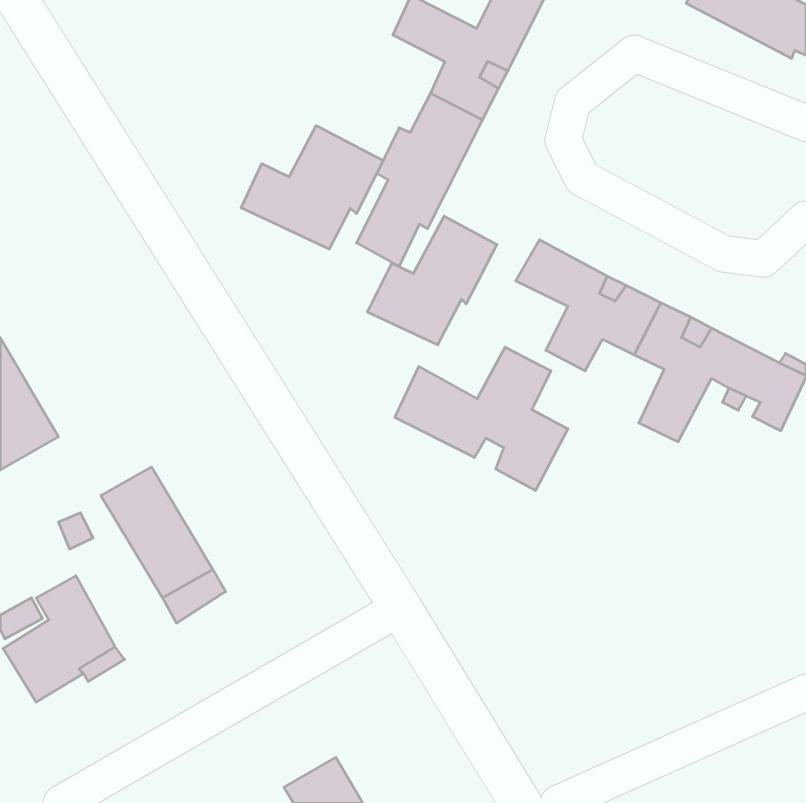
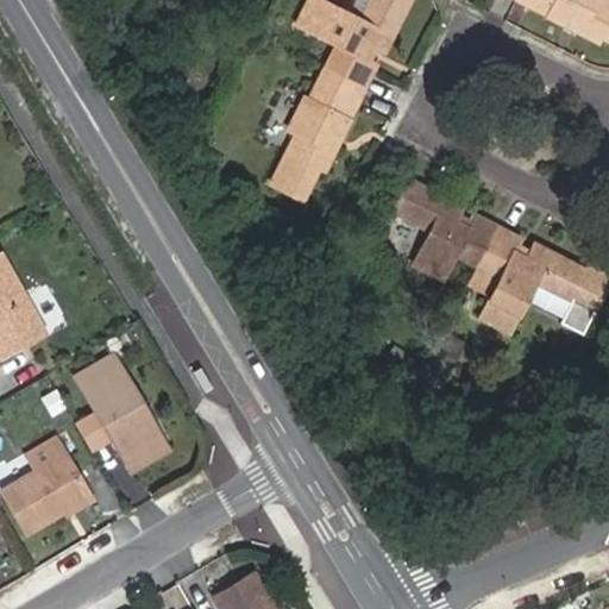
building: [241,126,383,249] -> none
building: [368,216,497,345] -> none
building: [395,347,568,491] -> none

